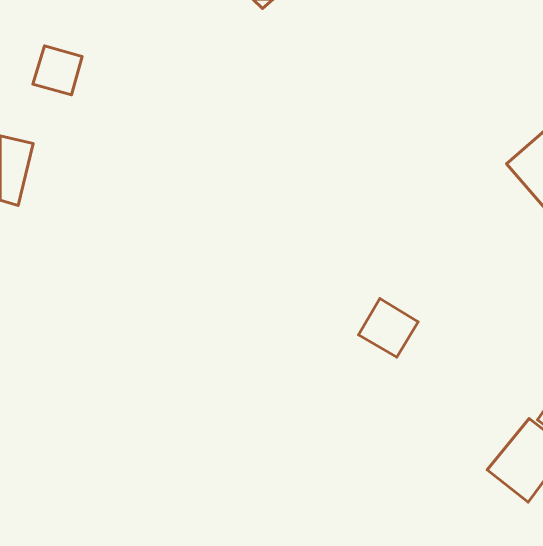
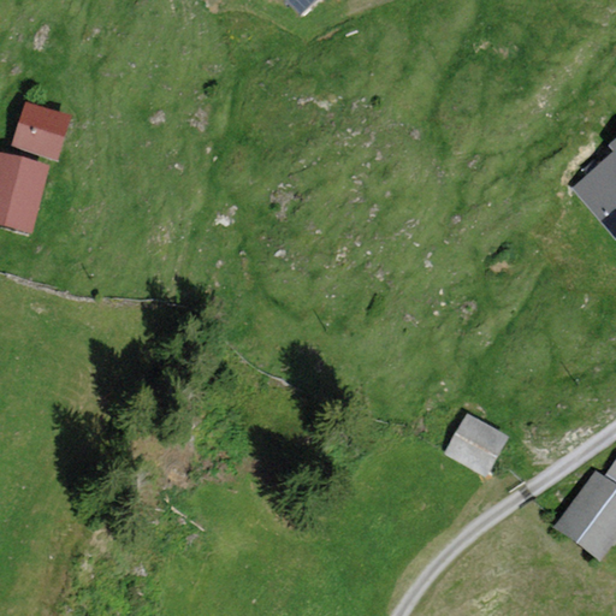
building: [33,46,82,95] -> [10,100,65,155]
building: [358,298,418,357] -> [443,413,510,479]

